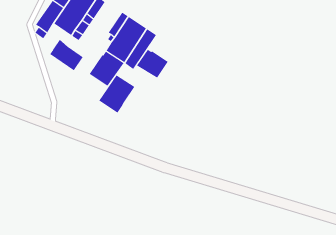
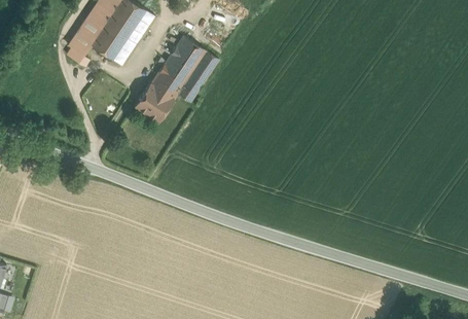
building: [50,39,83,71] -> none
building: [136,49,169,79] -> none
building: [99,74,135,113] -> none

